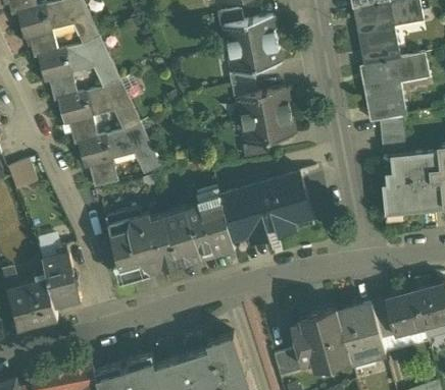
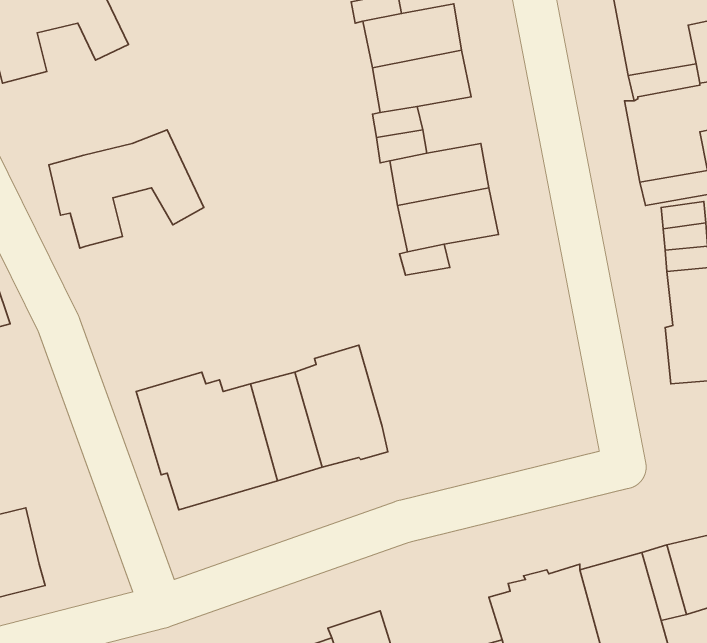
building: [38,37,120,101] -> none
building: [78,122,161,187] -> none
building: [221,173,311,239] -> none
building: [41,245,80,310] -> none

